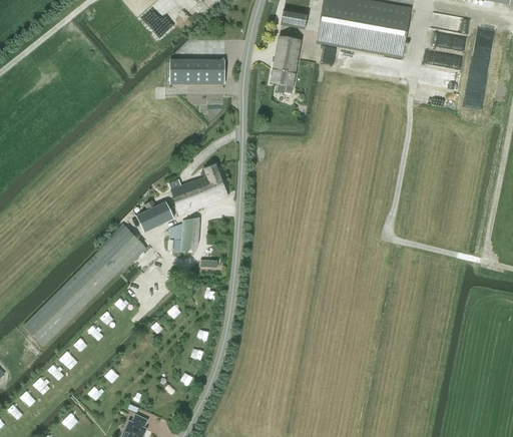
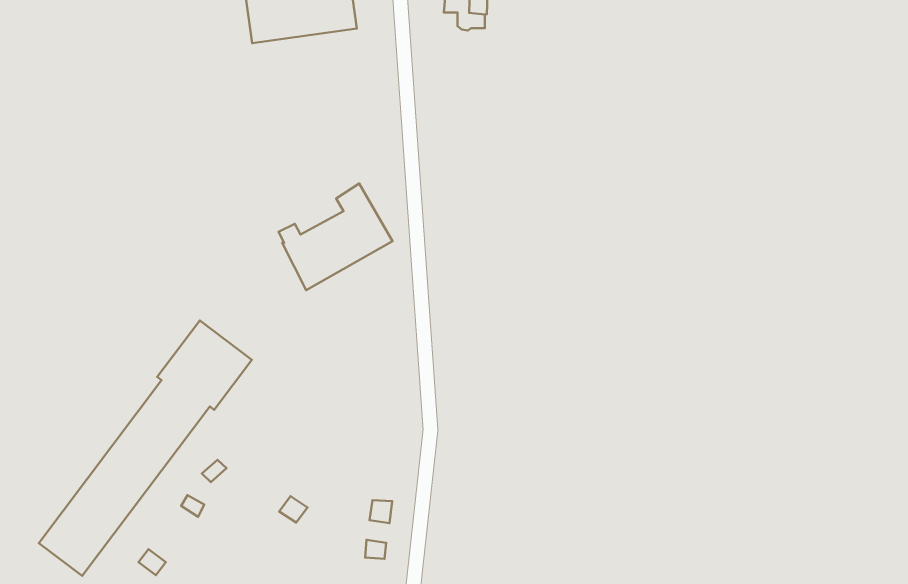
building: [137,198,173,231] -> none
building: [169,216,199,251] -> none

